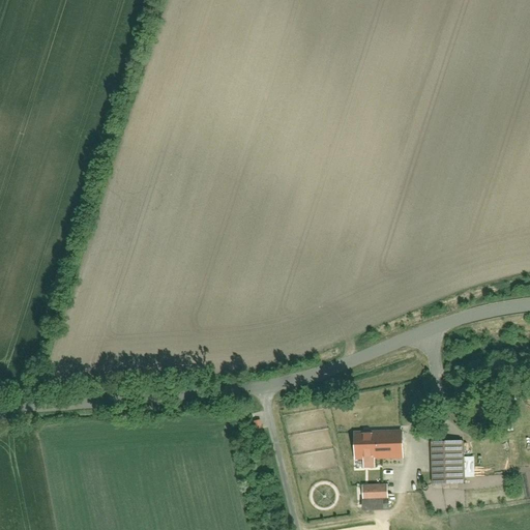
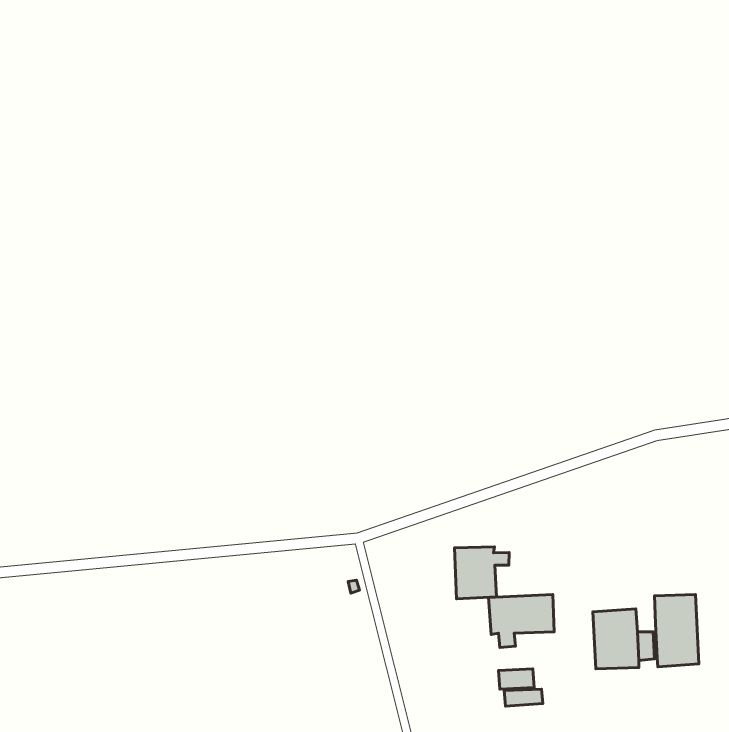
building: none -> [454,547,509,599]
building: none -> [654,595,699,667]

